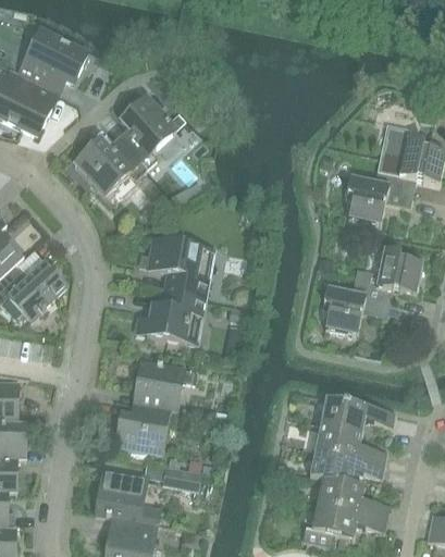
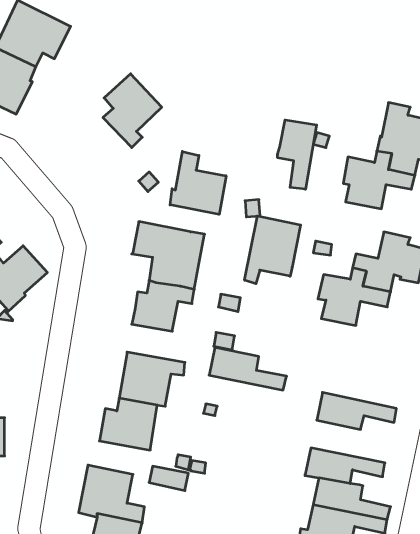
building: [75,138,147,194] -> none
building: none -> [278,120,317,189]
building: none -> [170,151,226,214]
building: none -> [245,216,301,284]
building: [316,423,388,463] -> [209,347,287,390]

